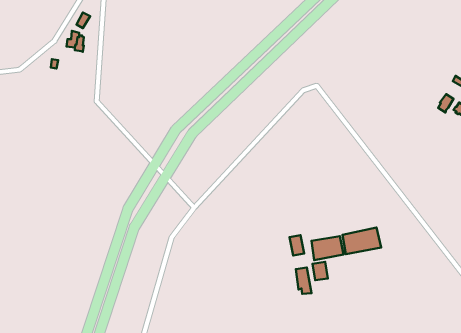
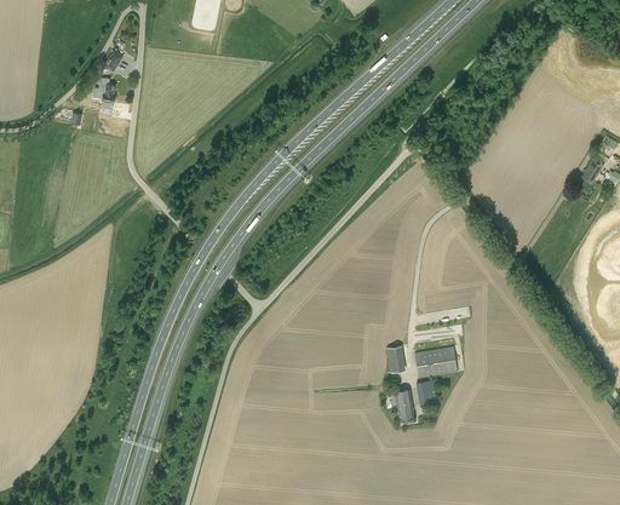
building: [342,228,381,254] -> none

